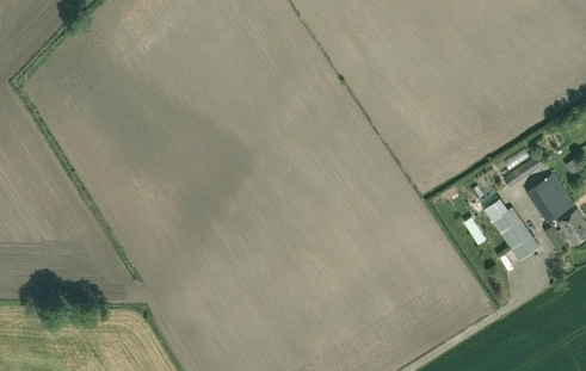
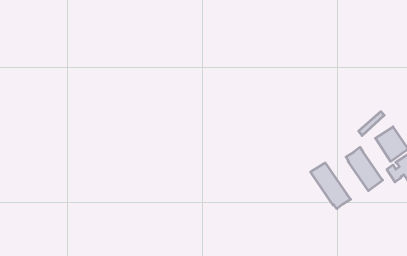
building: none -> [311,163,351,209]

